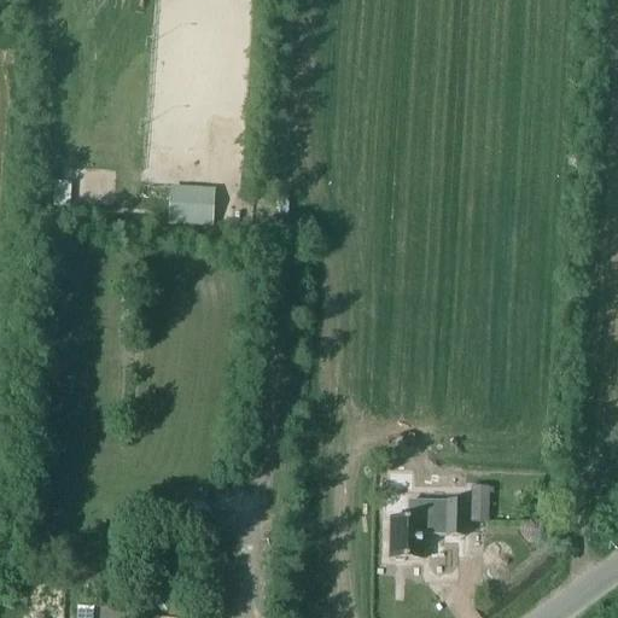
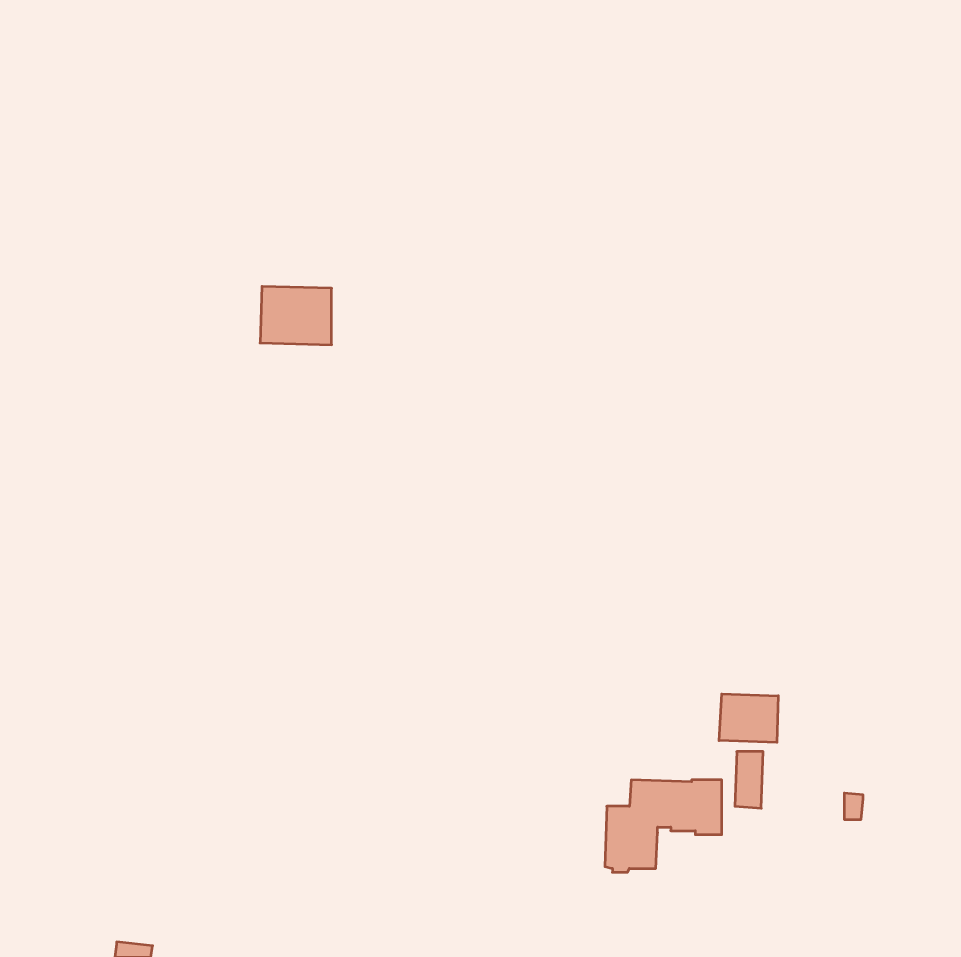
building: none -> [719,694,778,742]

